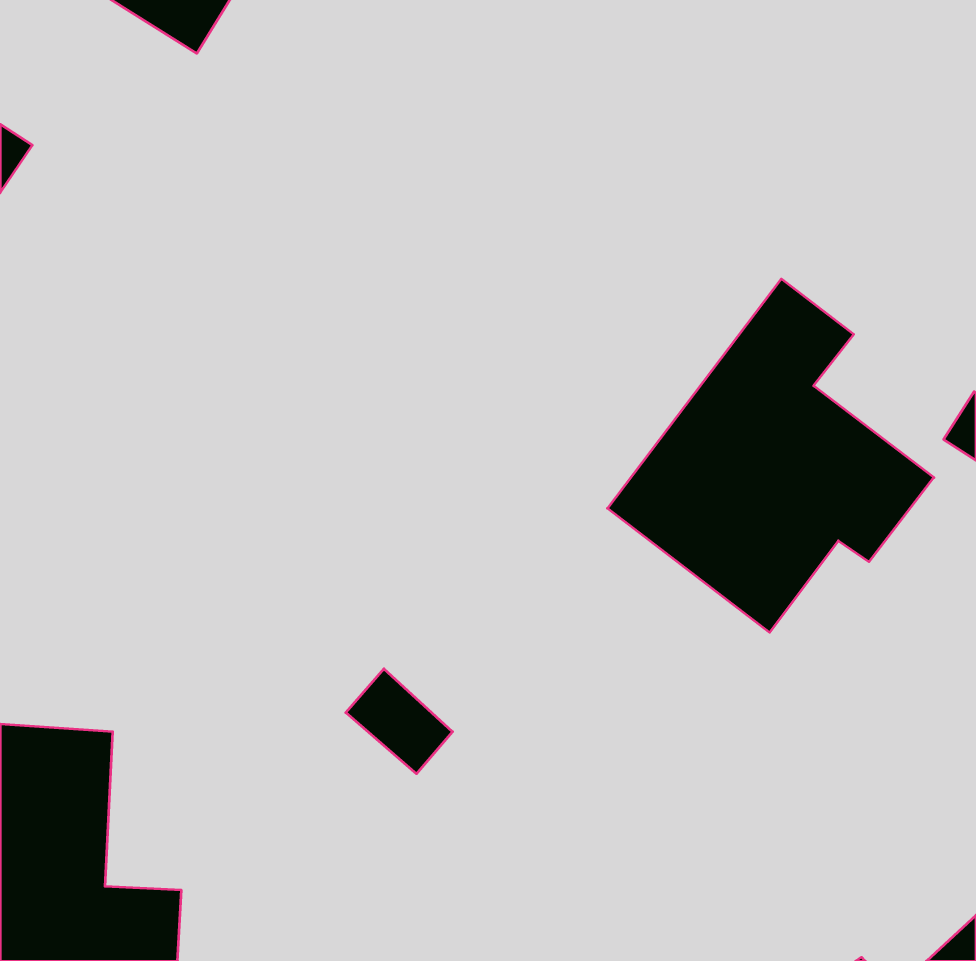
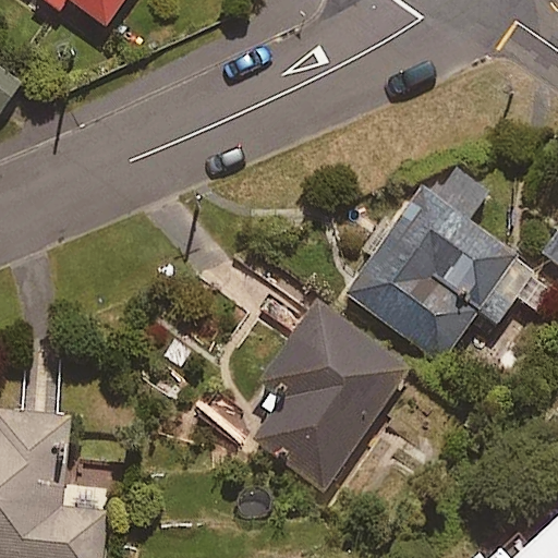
building: none -> [255,308,405,506]

